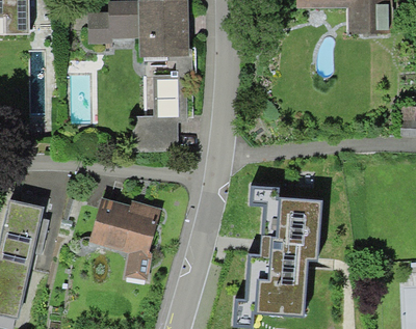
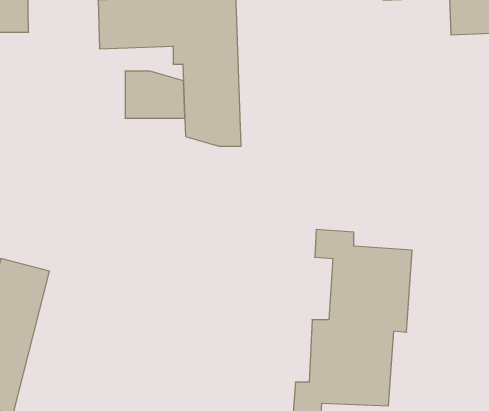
building: [131,112,176,147] -> [125,71,185,118]
building: [89,198,163,279] -> none

